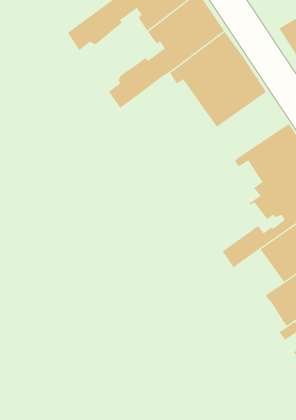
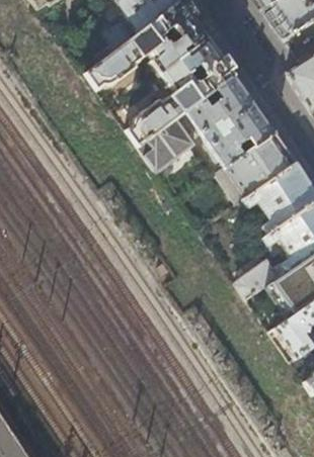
building: none -> [141,115,194,172]
building: none -> [227,130,297,194]

